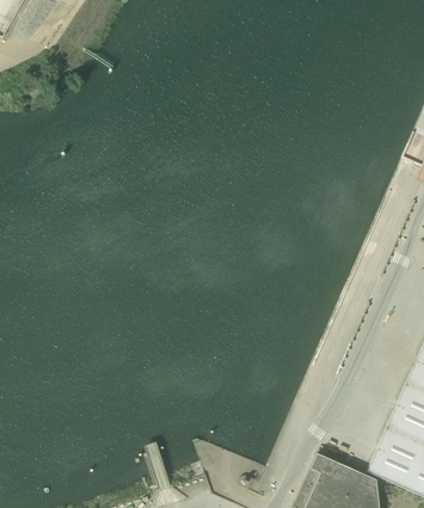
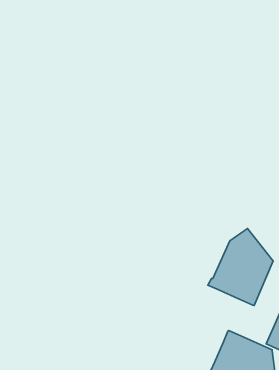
building: none -> [208,229,273,305]

